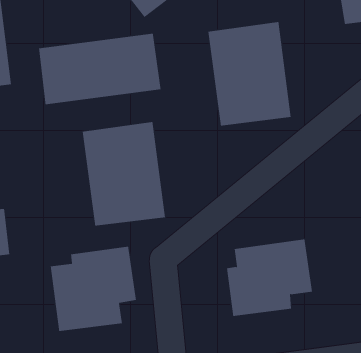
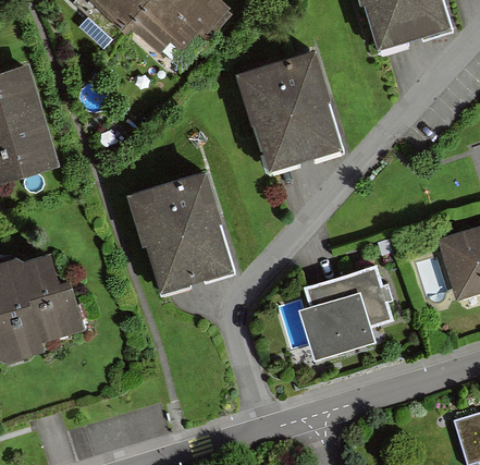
building: [38,33,161,105] -> none
building: [50,246,136,332] -> none

